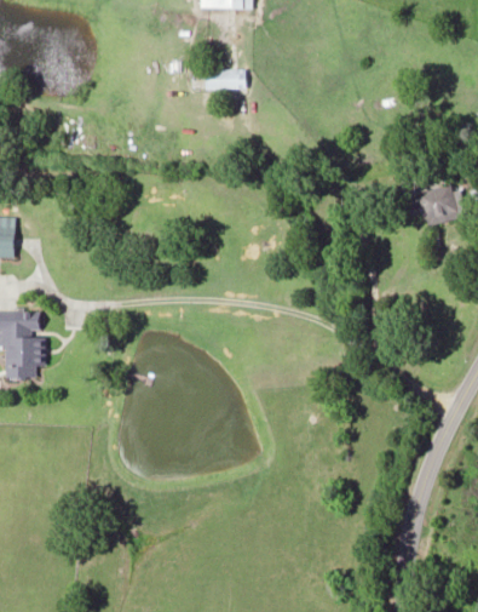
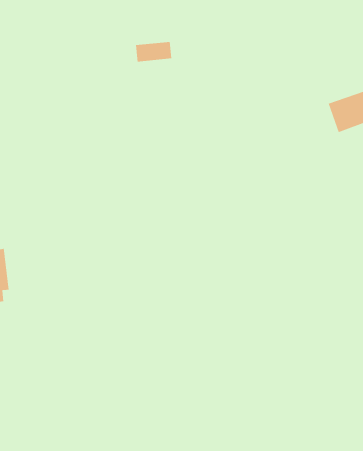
building: [205,68,244,87] -> [135,41,172,62]

